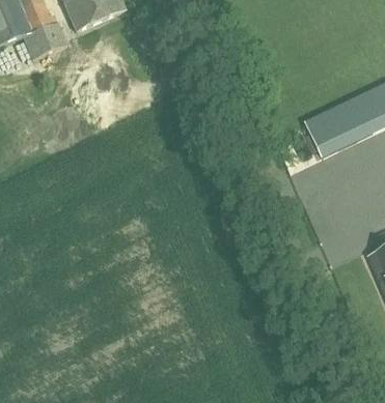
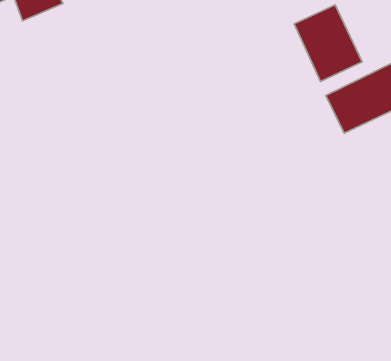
building: none -> [294,5,362,82]

